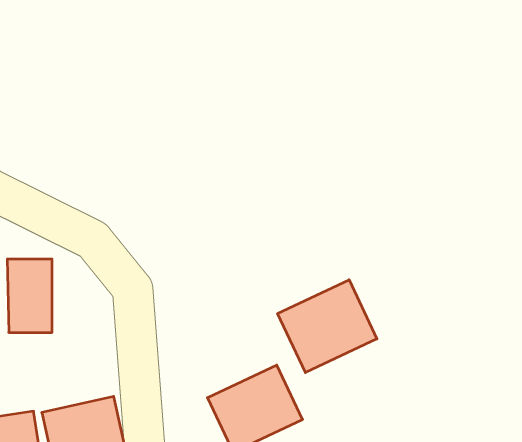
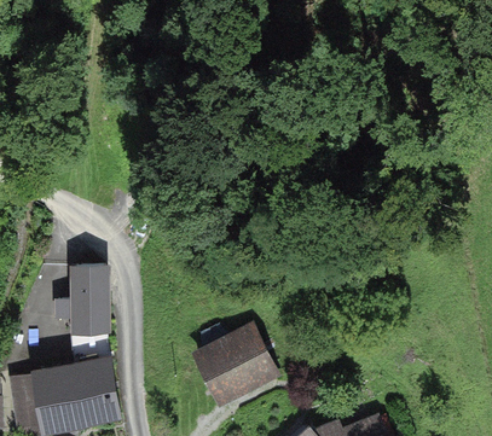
building: [7,259,52,332] -> [70,266,110,331]
building: [278,280,377,373] -> none

